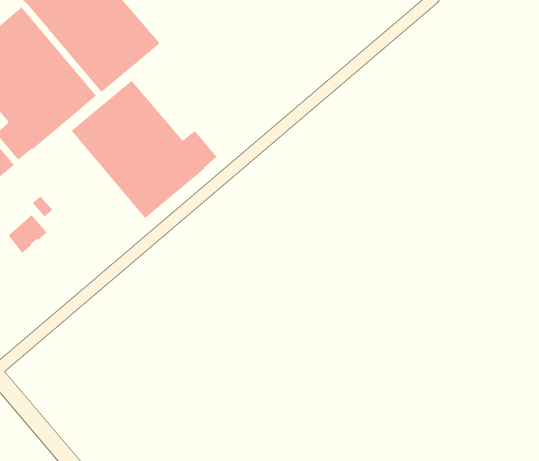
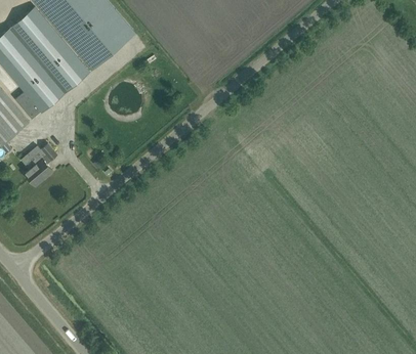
building: [71,80,217,219] -> none

